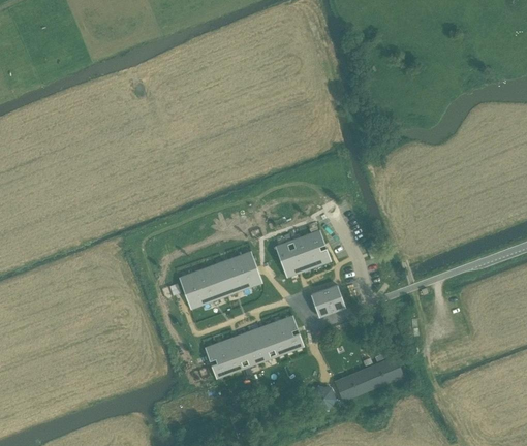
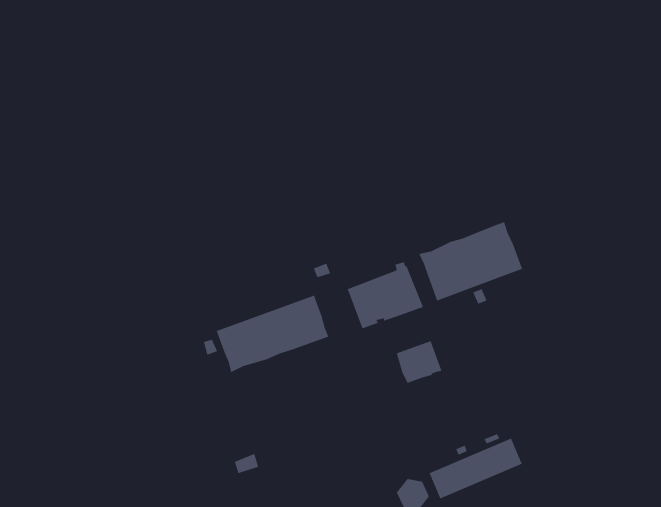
building: none -> [418,221,523,302]
building: [205,314,304,378] -> none

